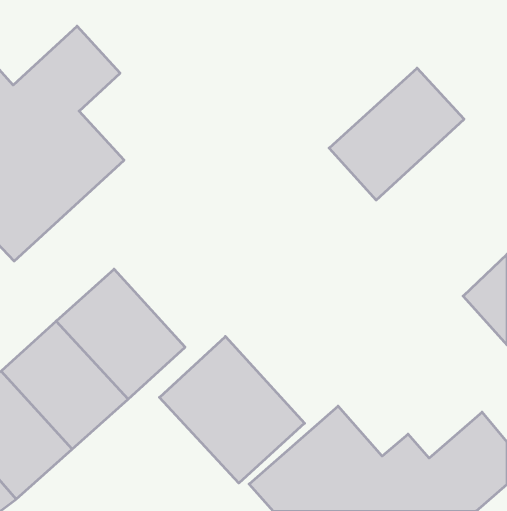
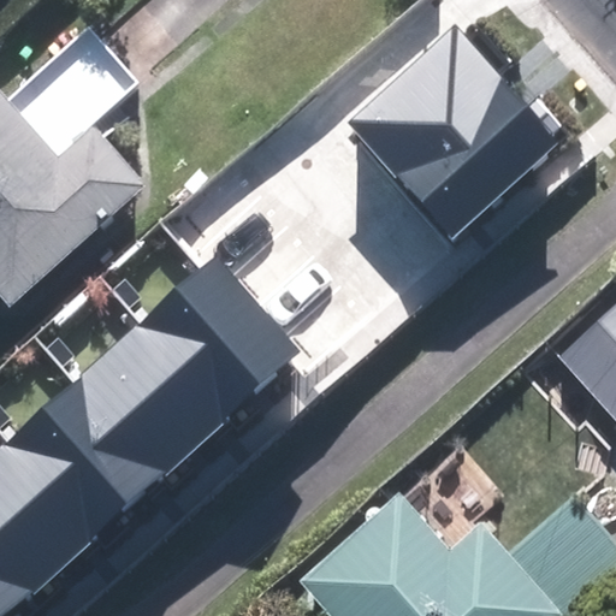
building: none -> [343,25,502,178]
building: none -> [137,257,296,417]
building: [159,336,305,483] -> none

